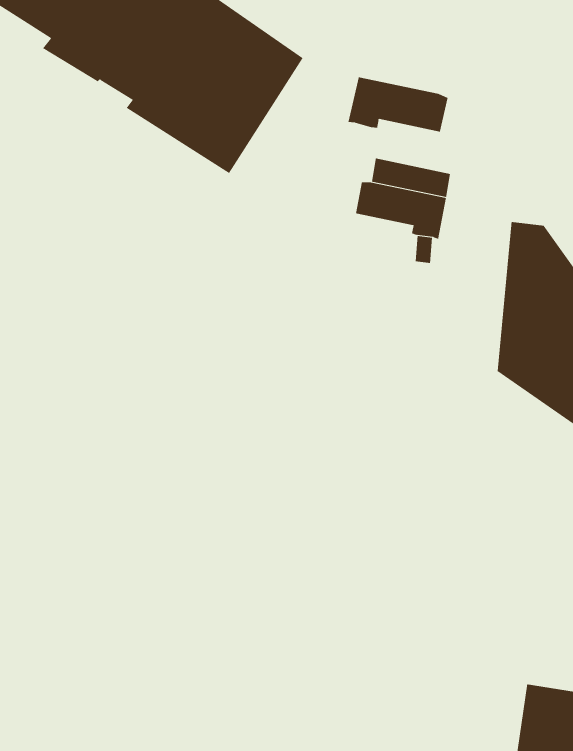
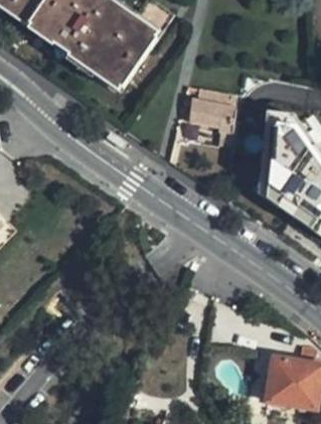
building: [348,76,448,133] -> none

